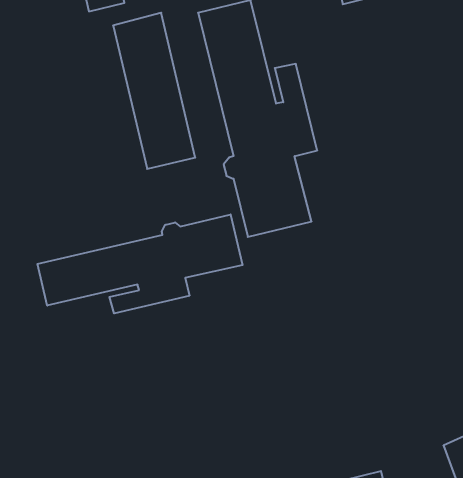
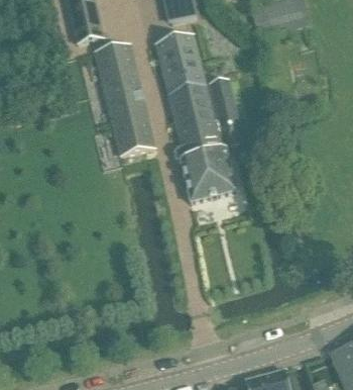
building: [37,214,243,313] -> none

